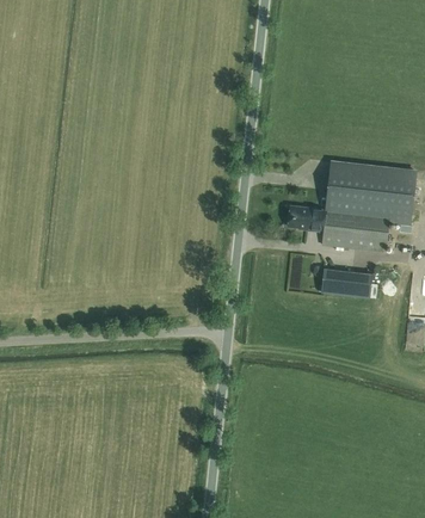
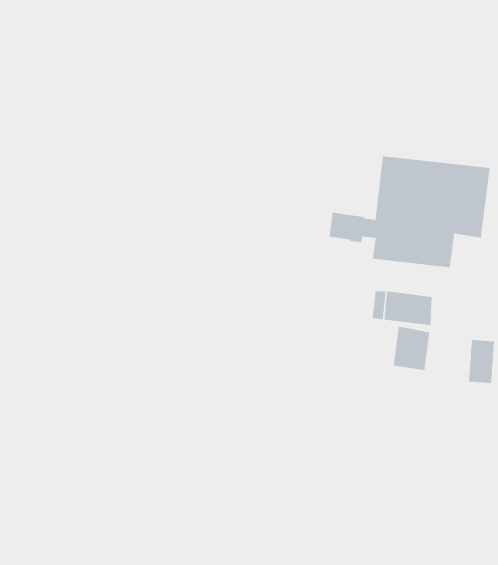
building: none -> [393,326,430,371]

